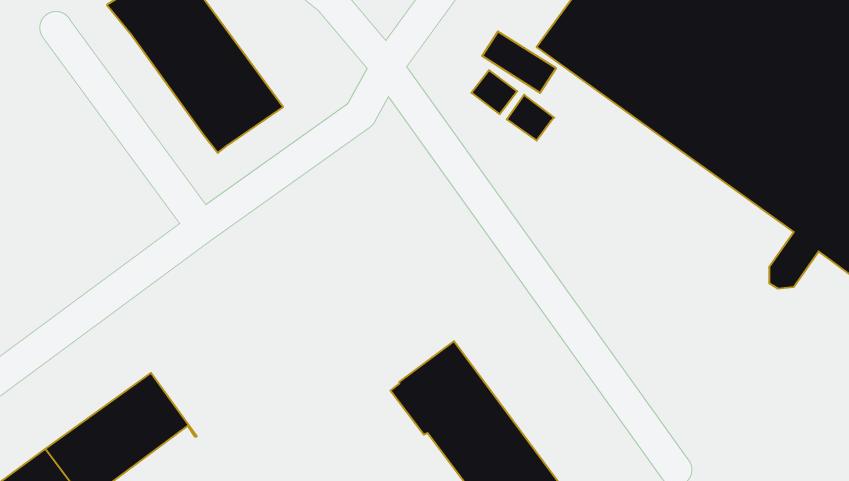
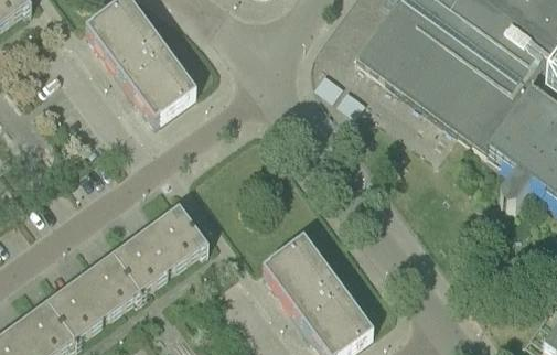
building: none -> [114,207,208,295]

